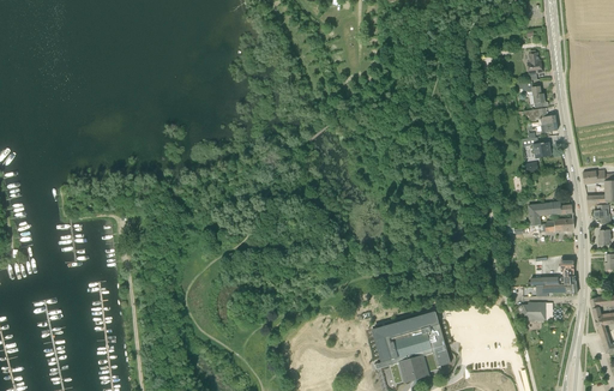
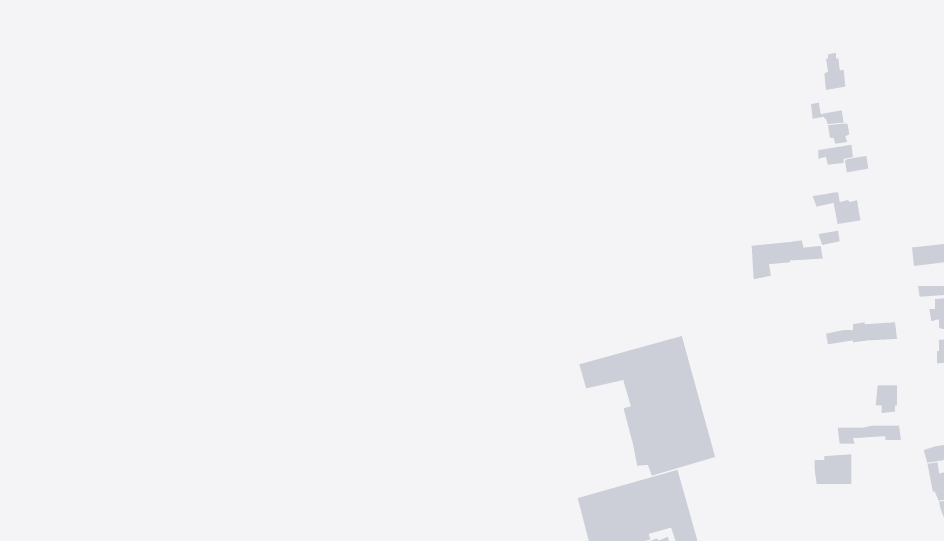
building: [526,200,572,225] -> [751,240,823,280]
building: none -> [579,335,716,477]

